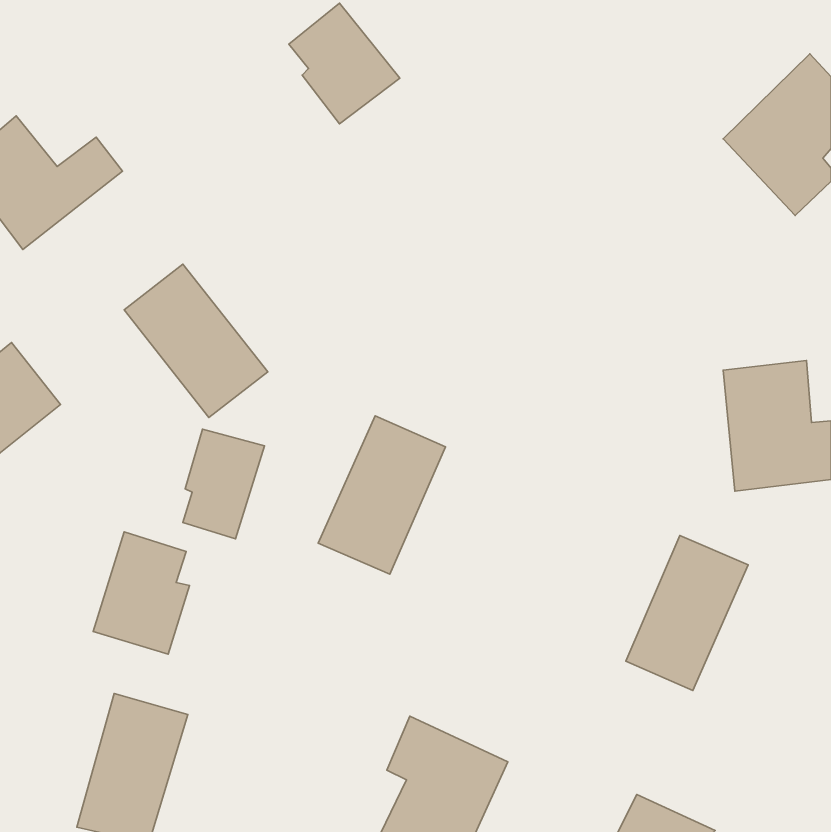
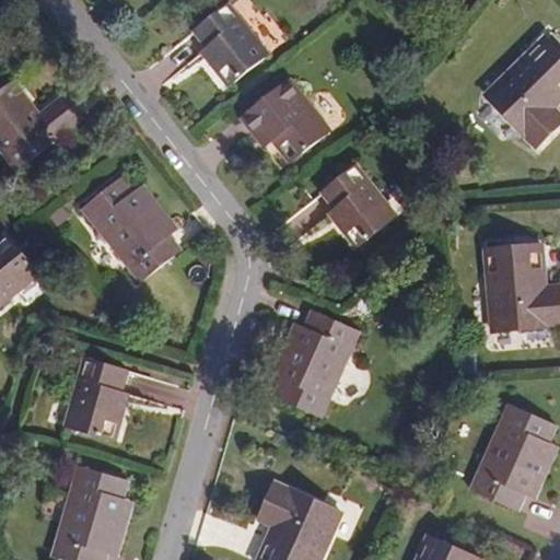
building: none -> [242,79,330,162]
building: none -> [322,165,396,247]
building: [318,416,445,574] -> [272,312,358,418]
building: [183,429,264,539] -> none
building: [626,536,748,690] -> [469,404,551,508]

